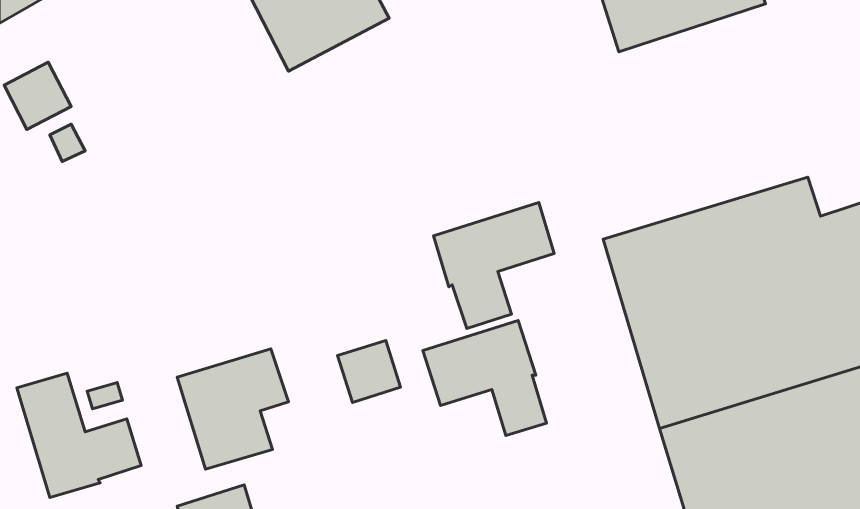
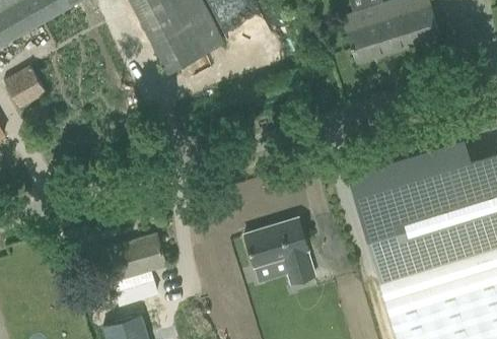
building: [433,203,554,328] -> none
building: [338,340,401,402] -> none
building: [17,373,141,498] -> none

